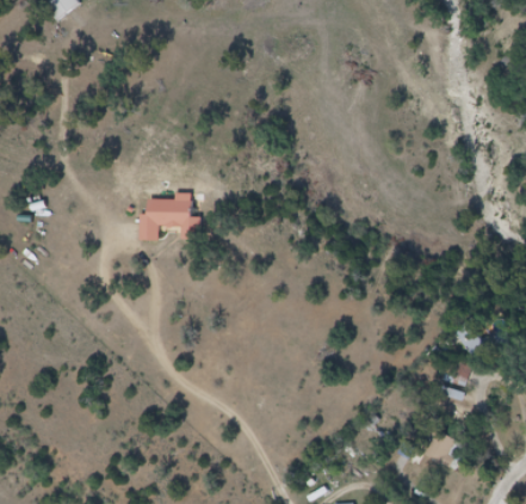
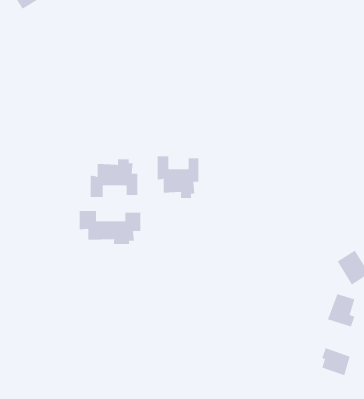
building: none -> [157,155,199,199]
building: none -> [79,210,141,245]

